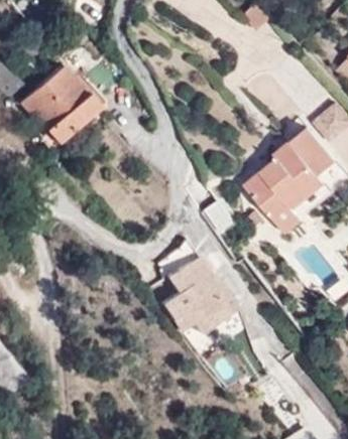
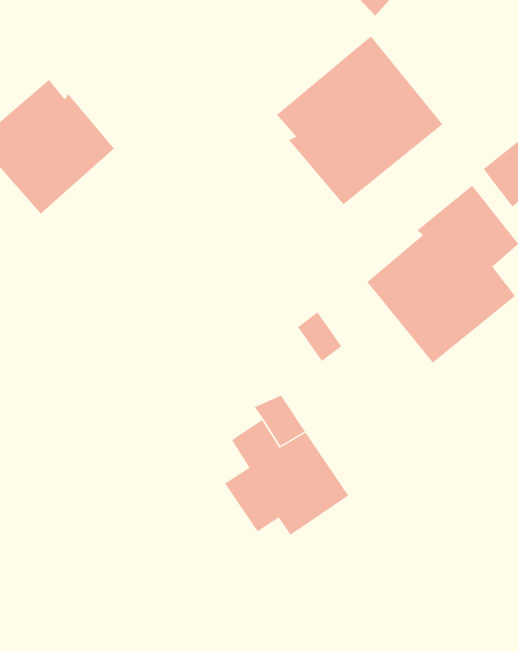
building: none -> [276,36,443,205]

